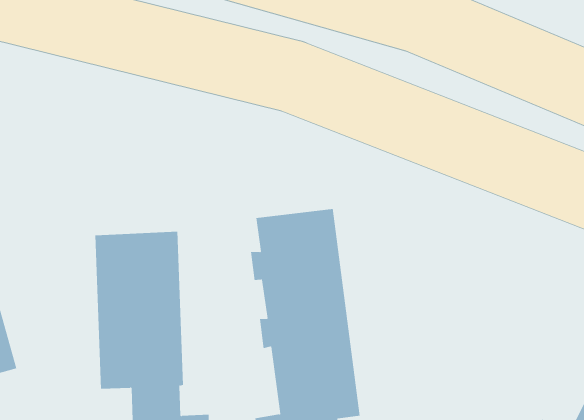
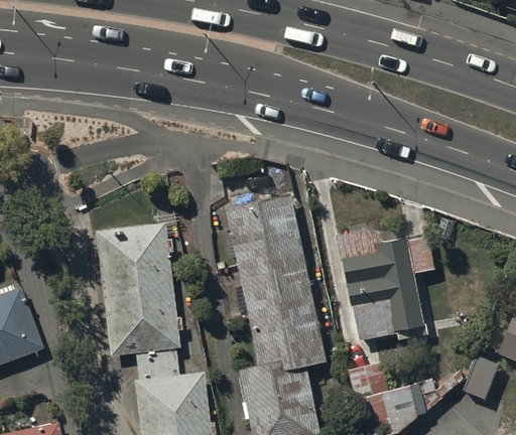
building: none -> [338,232,436,342]

